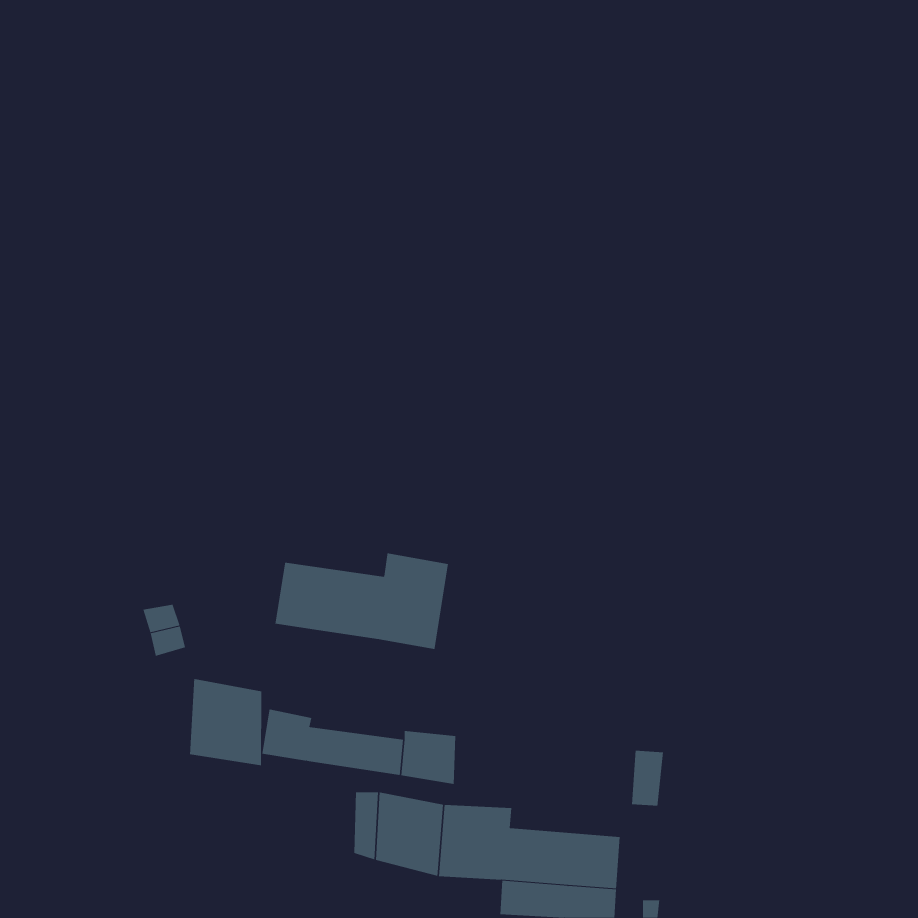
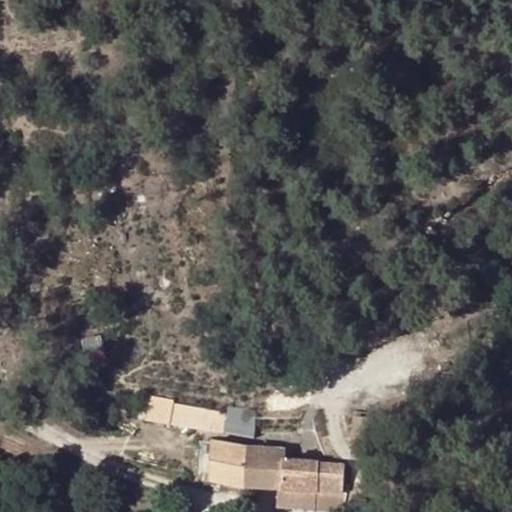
building: [275,552,448,650] -> none
building: [190,678,262,766] -> none

